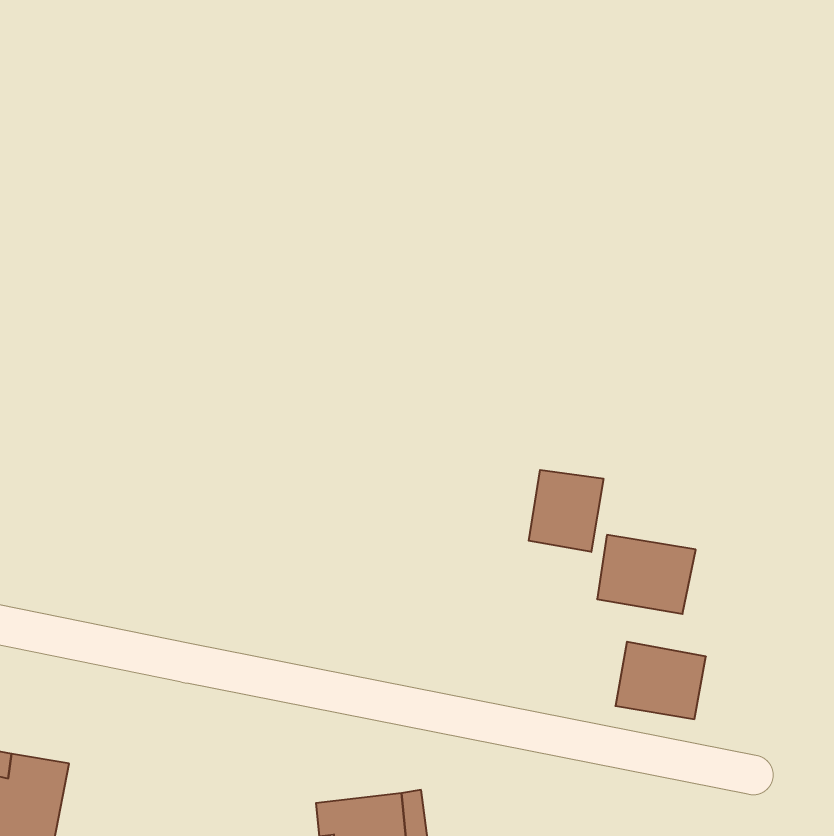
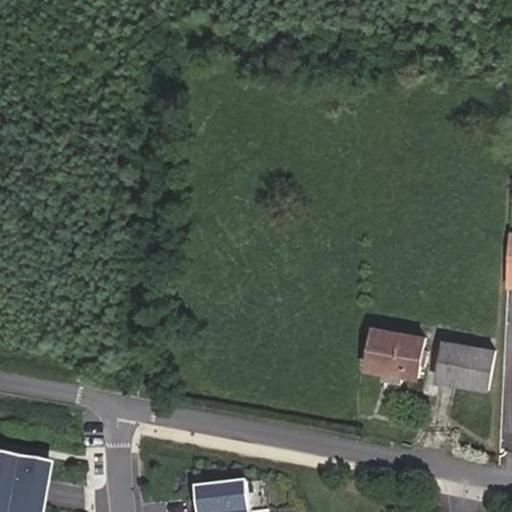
building: [529,470,603,552] -> none
building: [615,642,706,719] -> [437,341,492,388]

